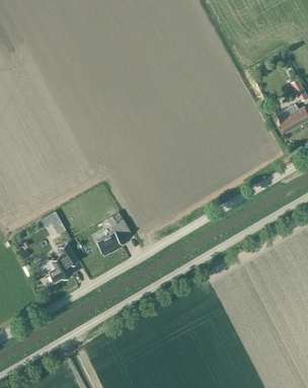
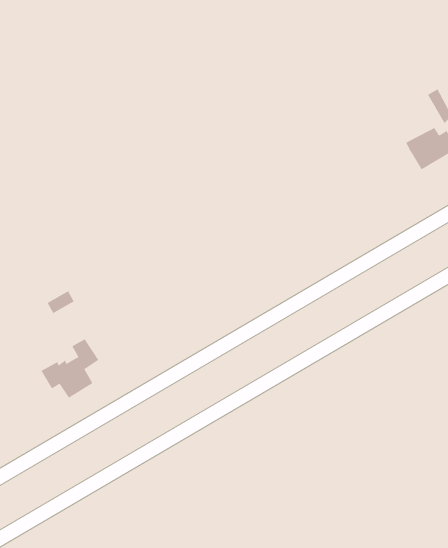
building: [96,222,131,256] -> none

